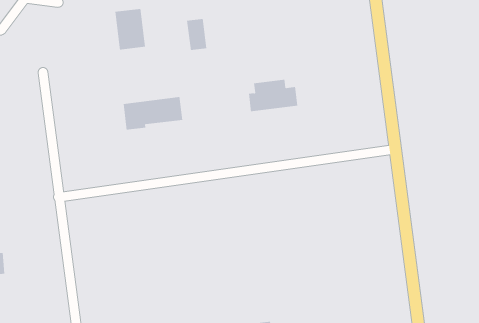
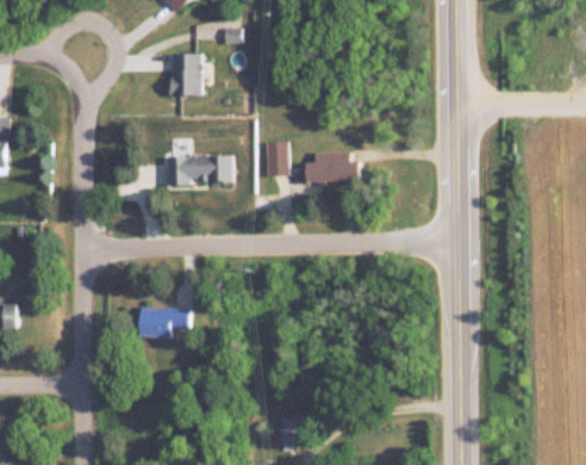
building: [186,19,207,50] -> [267,142,286,175]
building: none -> [138,306,189,339]

